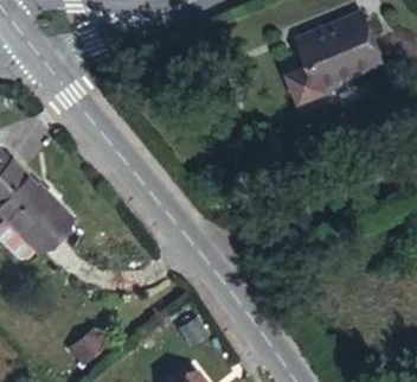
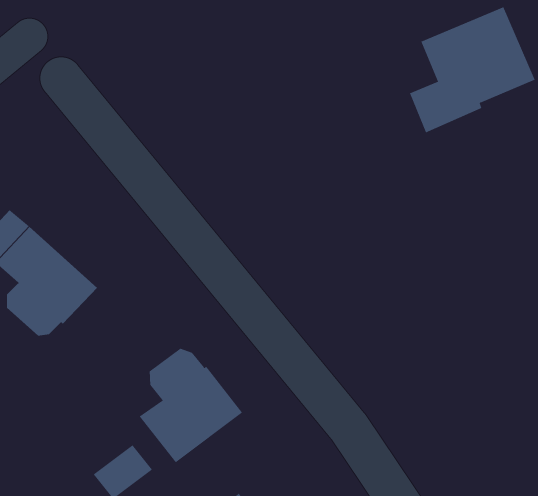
building: none -> [139,348,243,463]

